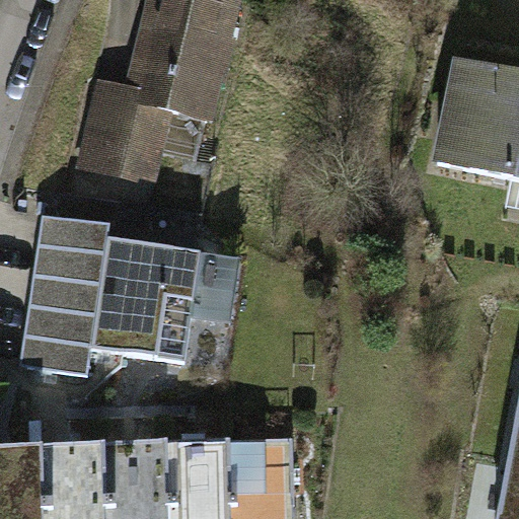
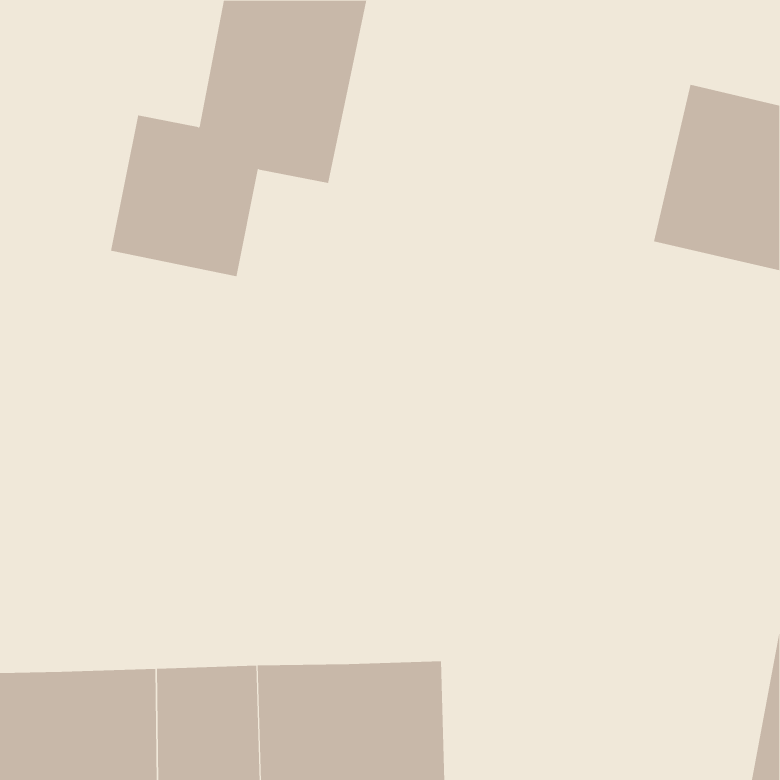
building: [22,215,204,377] -> none

